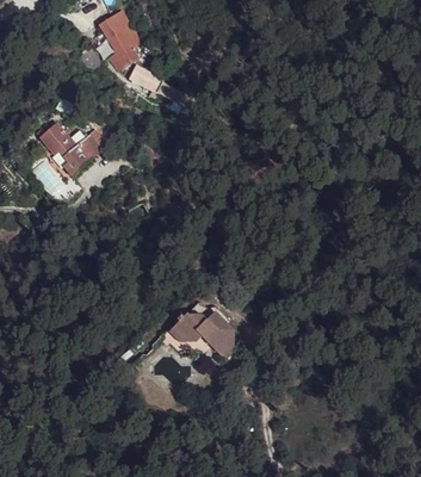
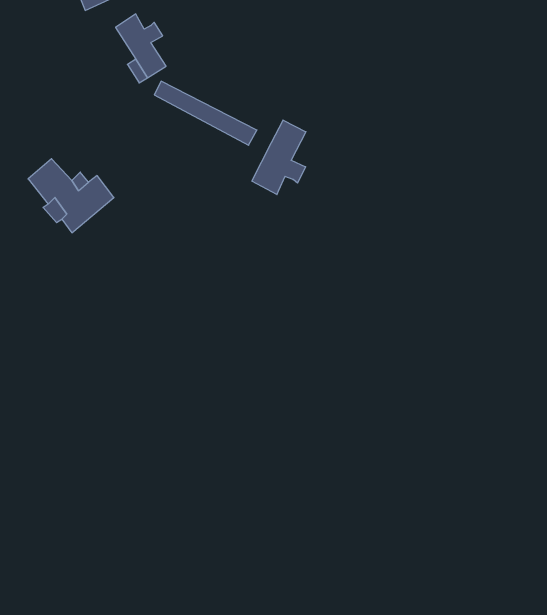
building: none -> [252,120,306,195]
building: [169,303,234,359] -> none

